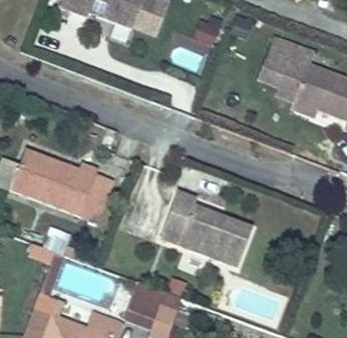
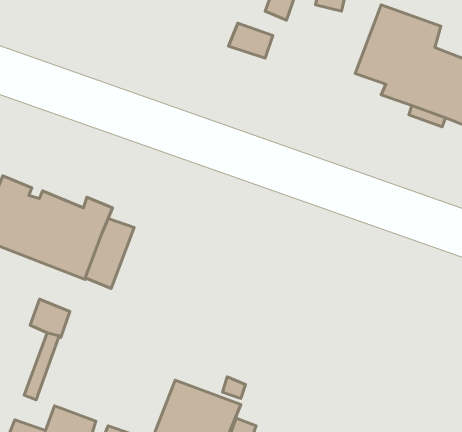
building: [160,191,254,268] -> none

